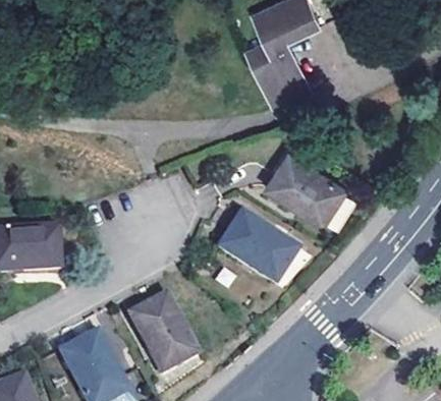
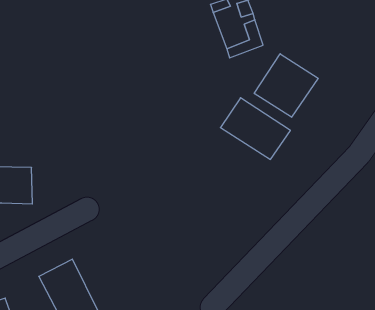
building: none -> [254,54,318,117]
building: [218,210,297,280] -> none
building: [130,295,198,374] -> none

